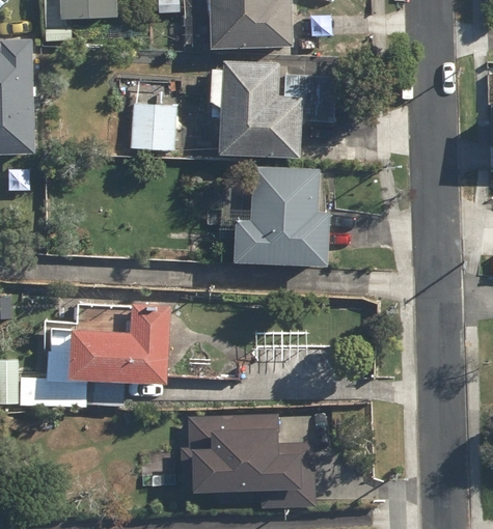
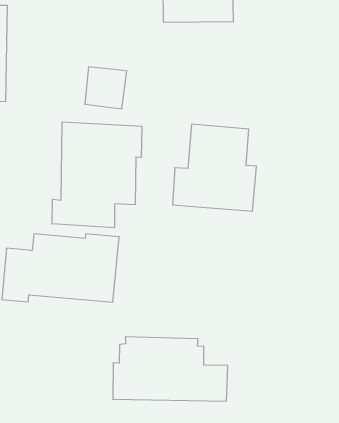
building: [209,63,332,158] -> none
building: none -> [52,122,142,228]

